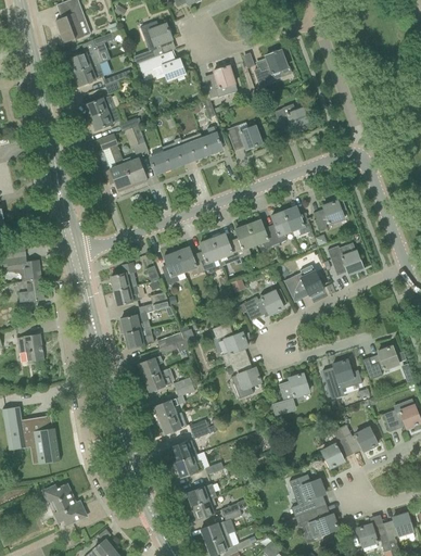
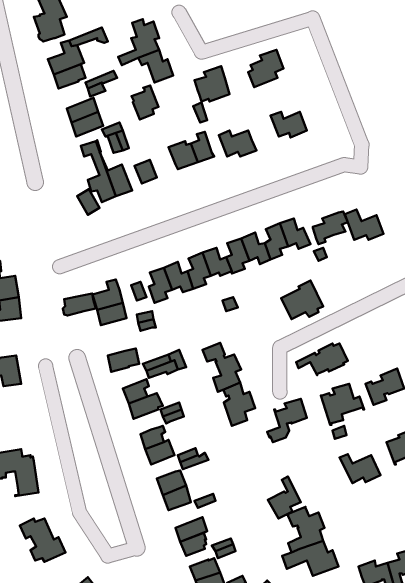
building: [162,137,187,168] -> [132,86,159,120]
building: [327,245,362,274] -> [345,209,384,240]
building: [239,288,286,317] -> [296,343,348,375]
building: [119,313,150,333] -> [63,293,96,316]
building: [320,428,350,467] -> [268,476,301,519]

